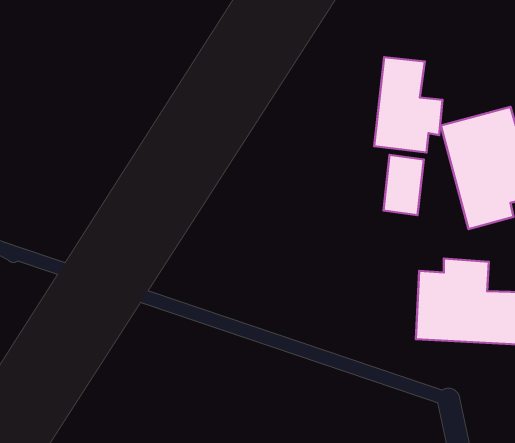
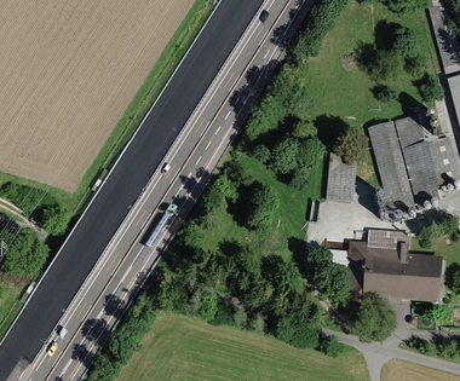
building: [374,57,443,153] -> none

